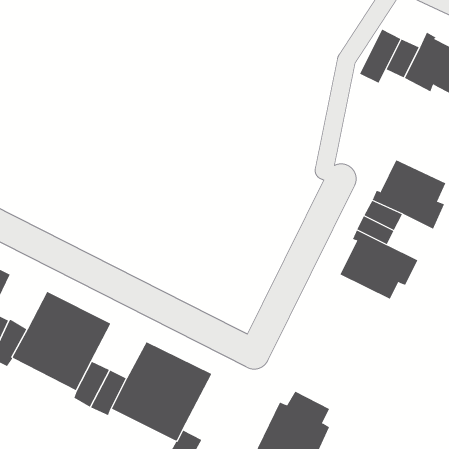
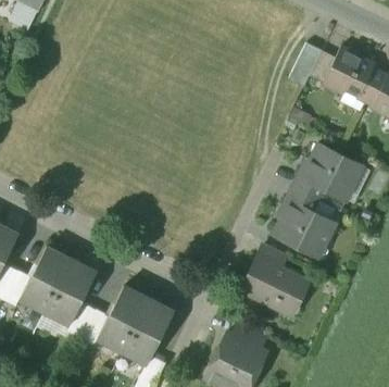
building: none -> [240,245,309,310]

